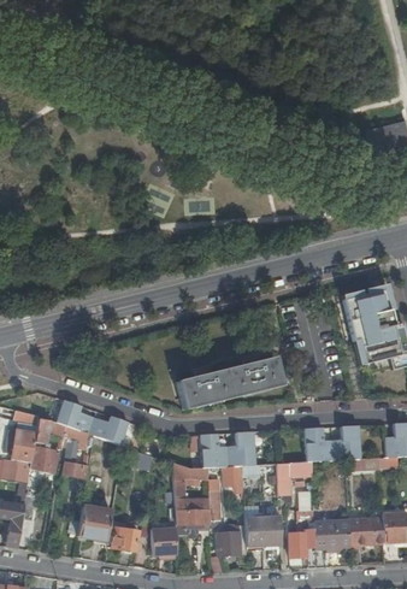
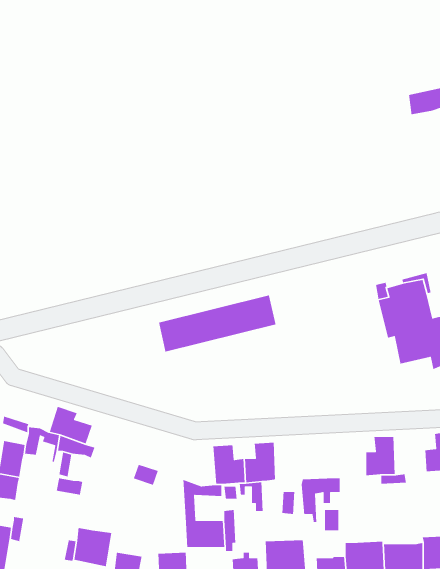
building: [176,359,279,410] -> [158,294,276,352]
building: [88,416,128,444] -> none
building: [305,428,332,463] -> none
building: [29,447,58,473] -> none

